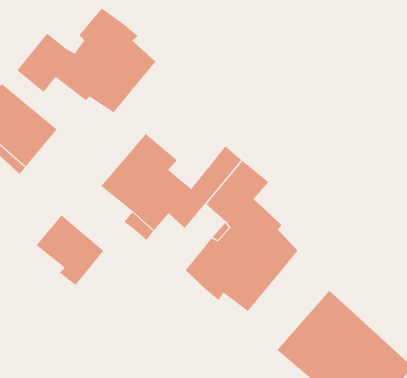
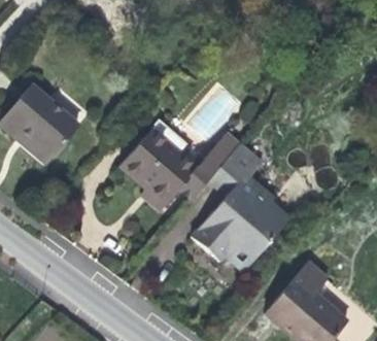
building: [17,7,156,113] -> none
building: [36,215,104,286] -> none

